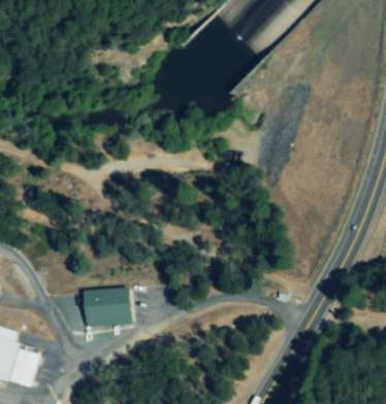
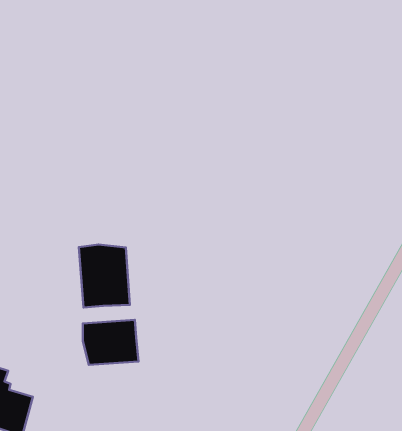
building: none -> [79,244,130,308]

